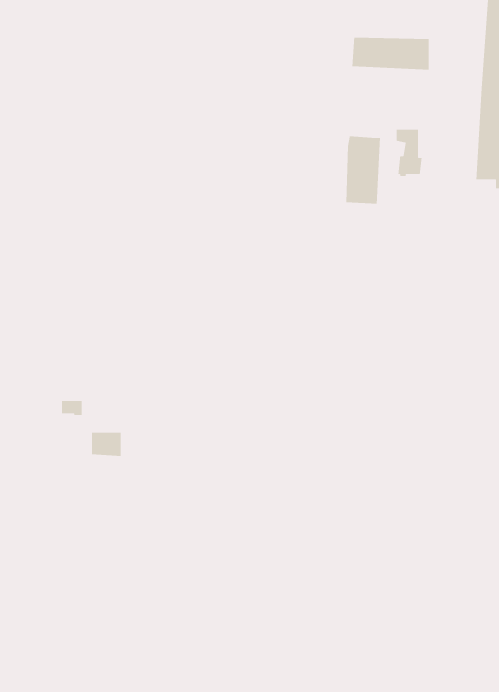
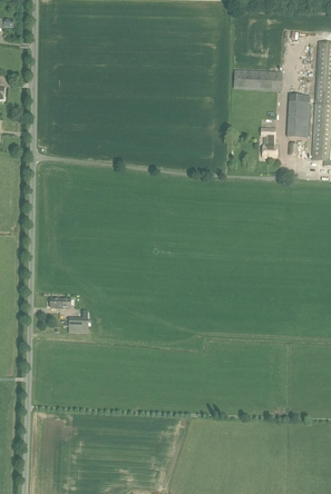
building: [345,135,381,205] -> [288,93,310,137]

